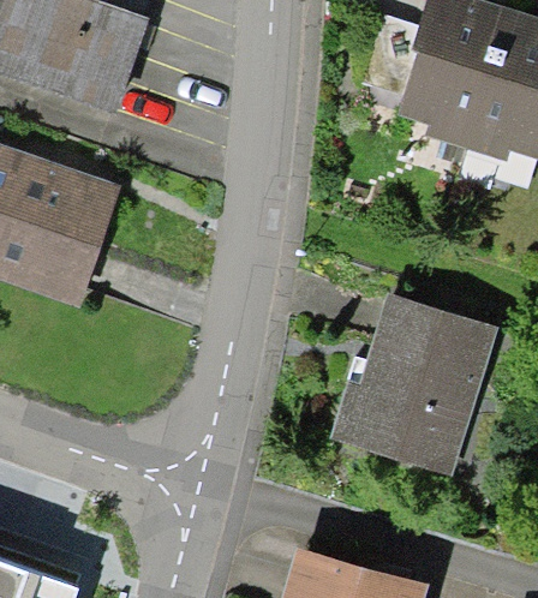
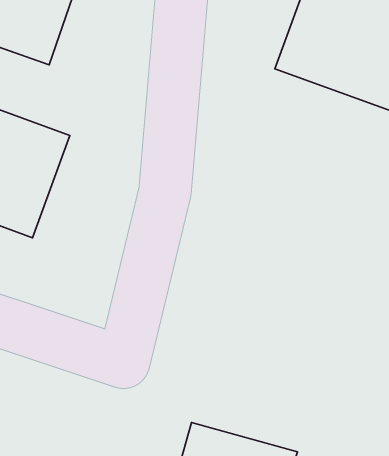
building: [336,294,507,480] -> none

